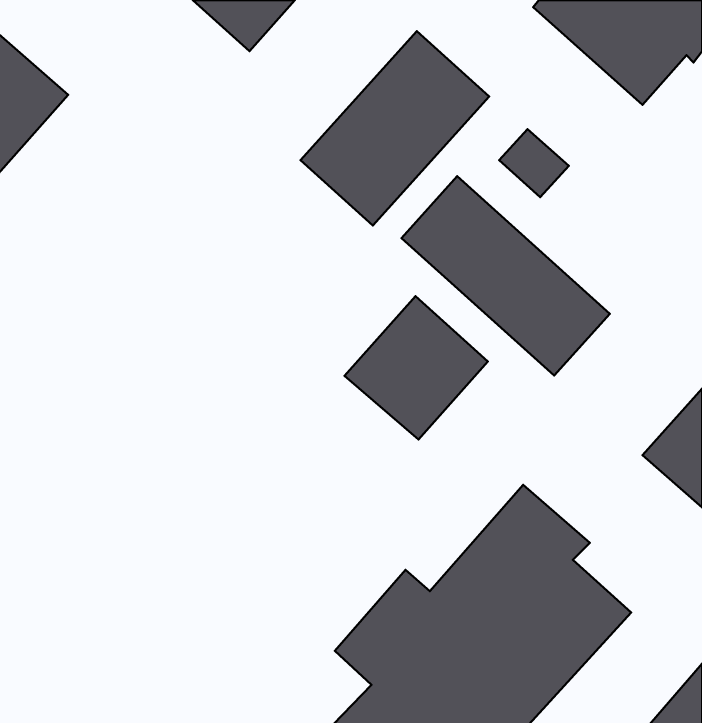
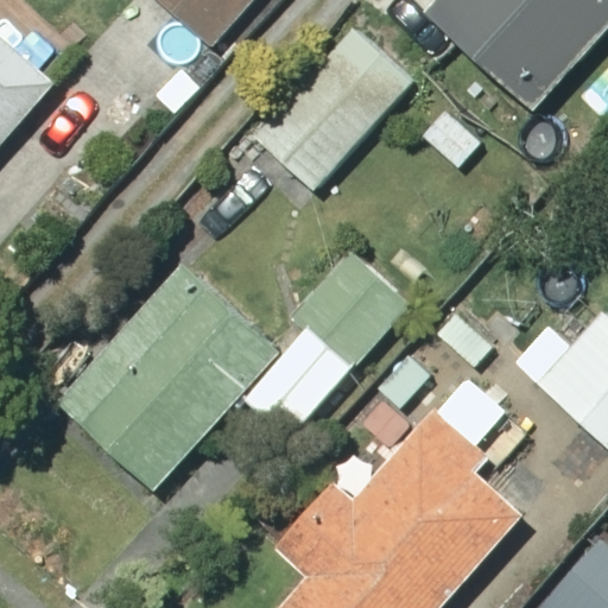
building: [401,176,610,376] -> none
building: none -> [61,262,286,489]

